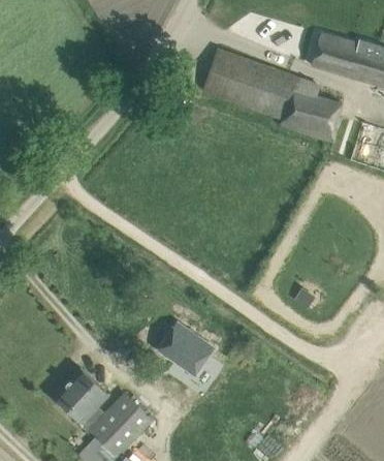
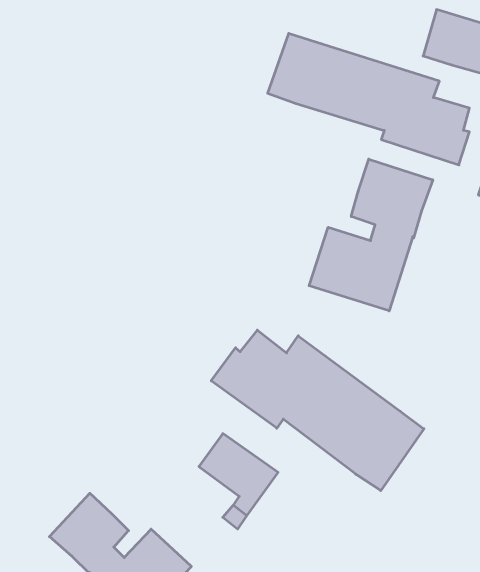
building: none -> [309,159,433,311]
building: none -> [211,330,424,491]

